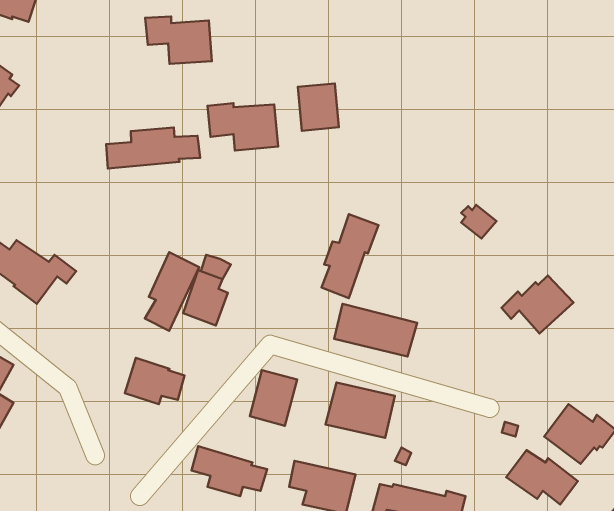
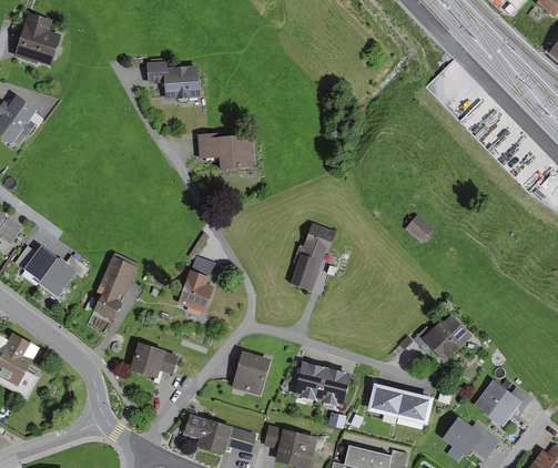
building: [298,83,339,131] -> none
building: [106,127,200,168] -> none
building: [145,252,199,331] -> [93,255,138,319]
building: [502,275,573,334] -> [414,313,473,360]
building: [334,304,417,357] -> [367,380,435,424]

